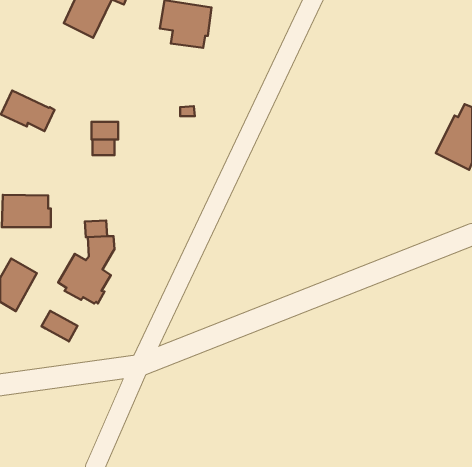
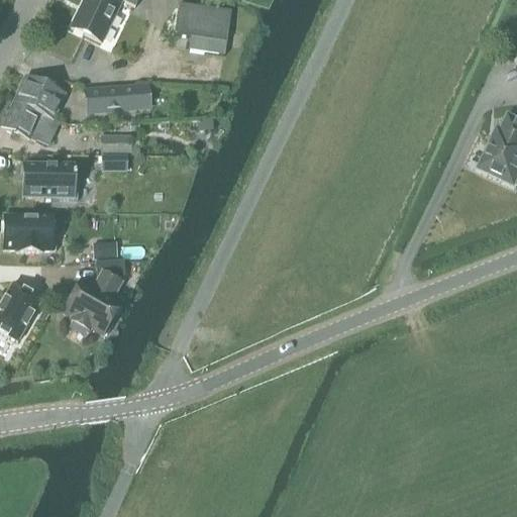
building: none -> [13,74,66,118]
building: none -> [85,82,149,111]
building: none -> [21,162,75,197]
building: [42,311,78,341] -> none

